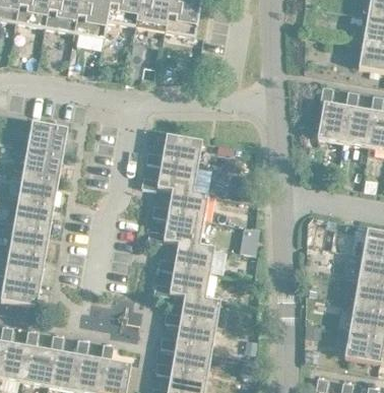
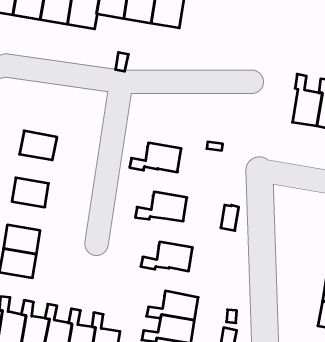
building: [27,121,67,153] -> none
building: [145,133,202,166] -> none
building: [18,172,58,203] -> none
building: [151,187,208,218] -> none
building: [9,222,50,254] -> none
building: [157,241,214,272] -> none
building: [164,293,220,326] -> none

